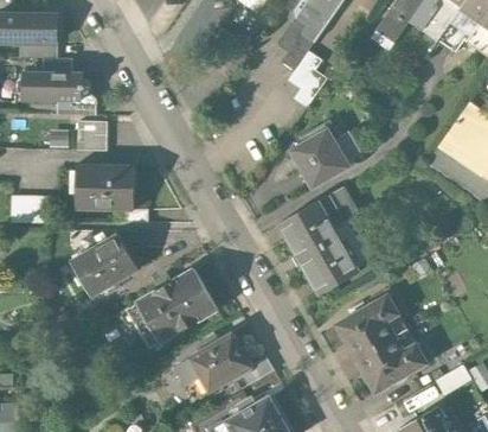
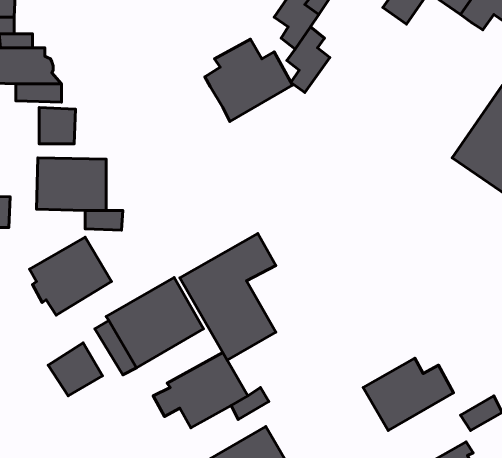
building: [291,122,366,192] -> [205,39,292,121]
building: [278,188,360,296] -> [180,233,276,360]
building: [333,293,402,360] -> none
building: none -> [48,343,103,396]

